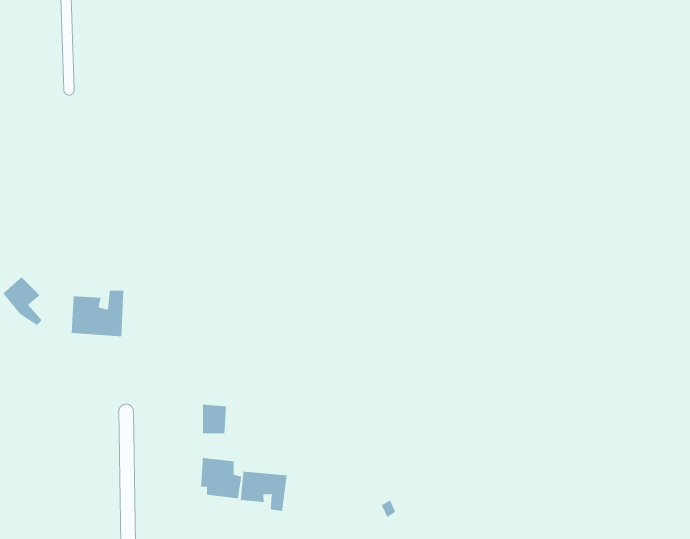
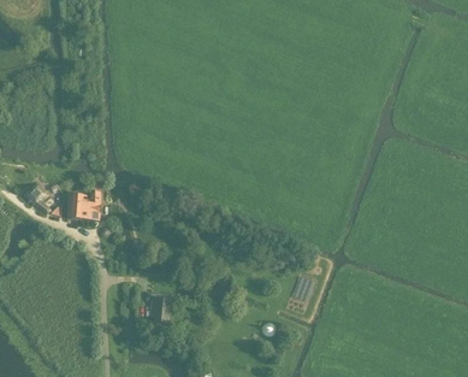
building: [240,471,287,512] -> none

